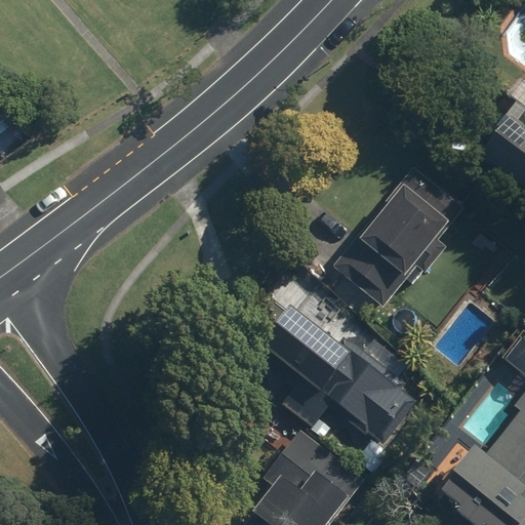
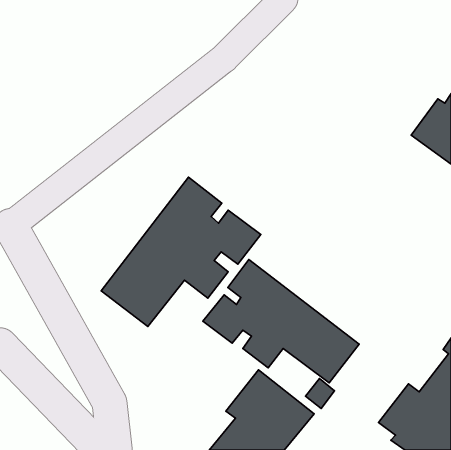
building: [341,162,469,296] -> none
building: none -> [101,177,261,327]

